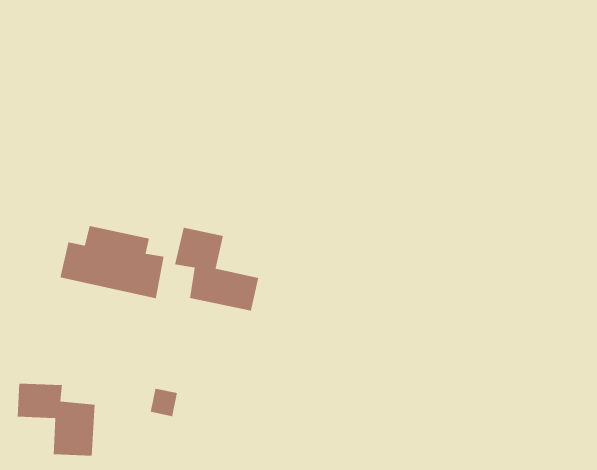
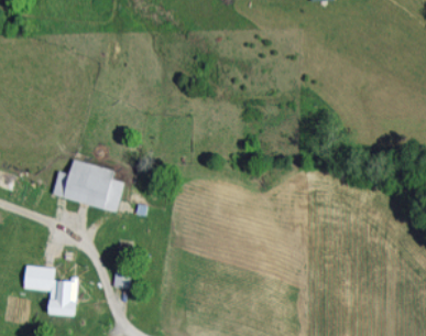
building: [174,227,259,312] -> none

